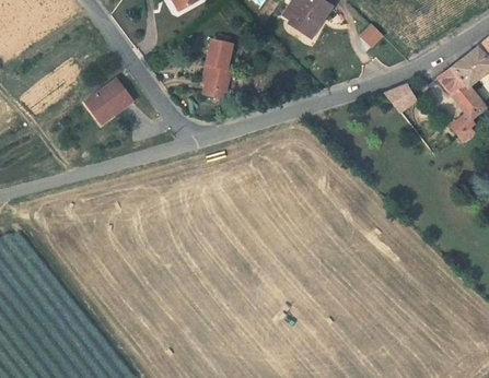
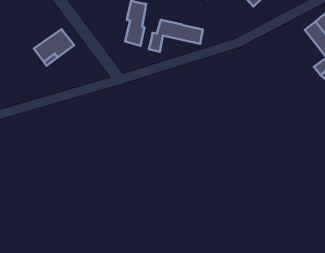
building: none -> [149,20,203,52]
building: [385,84,415,111] -> none

